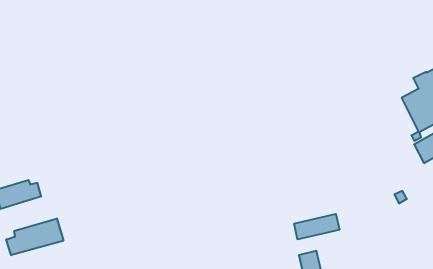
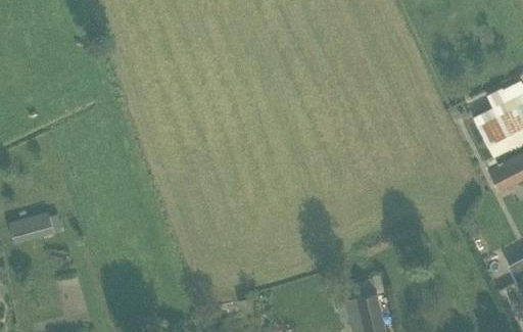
building: [294,214,339,239] -> none
building: [6,218,63,255] -> none

